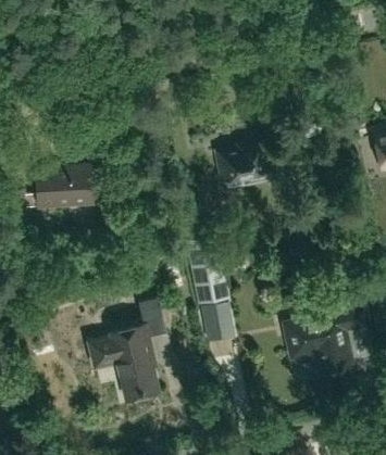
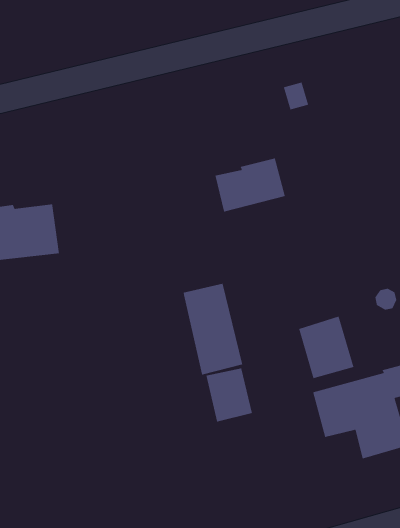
building: none -> [298,316,354,379]
building: [87,299,166,401] -> none

